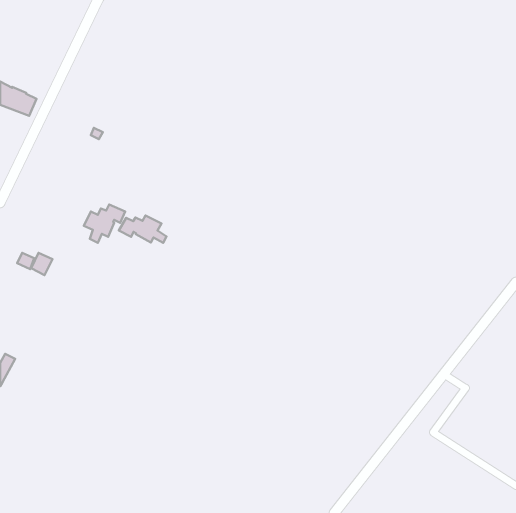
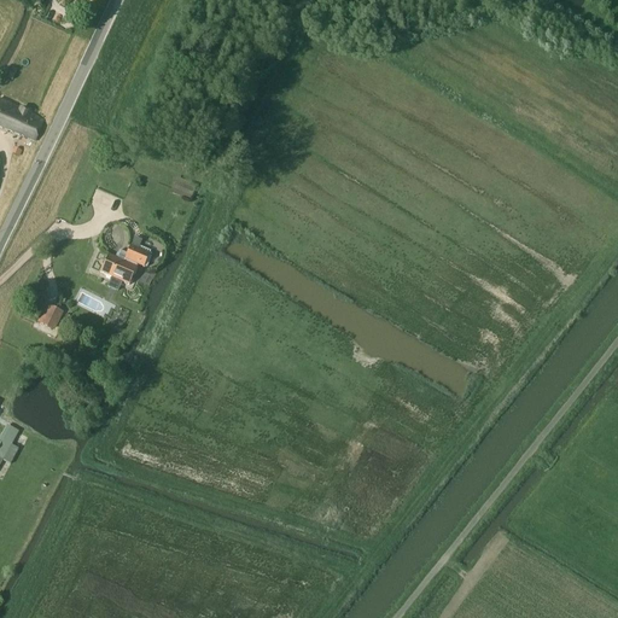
building: [119,216,167,243] -> none

